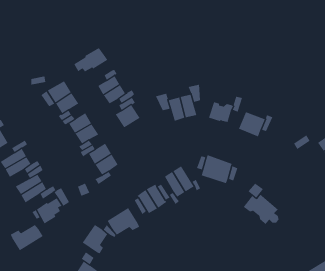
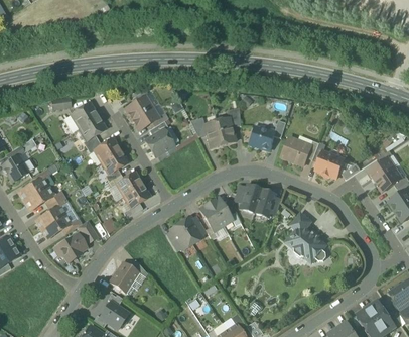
building: [74,47,108,72] -> none
building: none -> [315,151,344,178]
building: [107,207,140,235] -> none
building: [10,224,43,251] -> none

